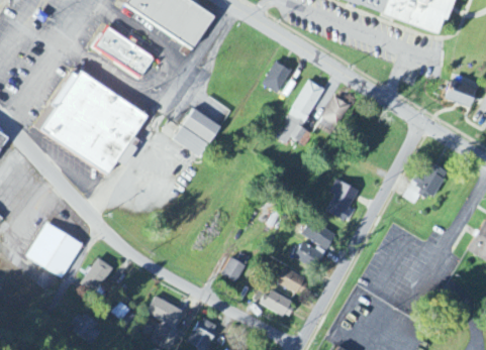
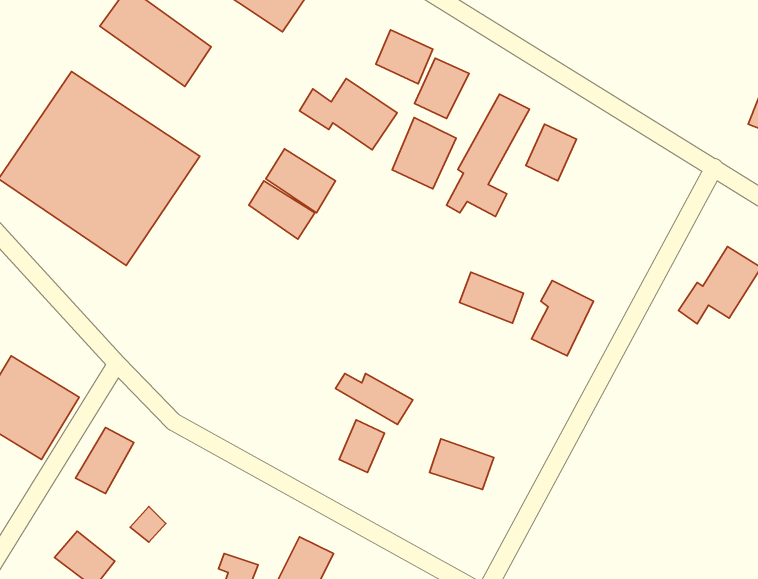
building: none -> [376,30,433,84]
building: none -> [300,79,397,150]
building: none -> [392,118,456,189]
building: [301,223,335,250] -> [460,272,524,323]
building: [295,245,322,269] -> none
building: [255,293,296,320] -> [335,374,413,424]
building: [147,299,183,328] -> none

